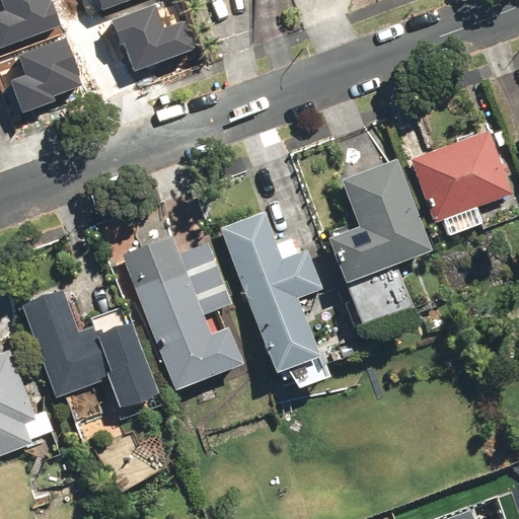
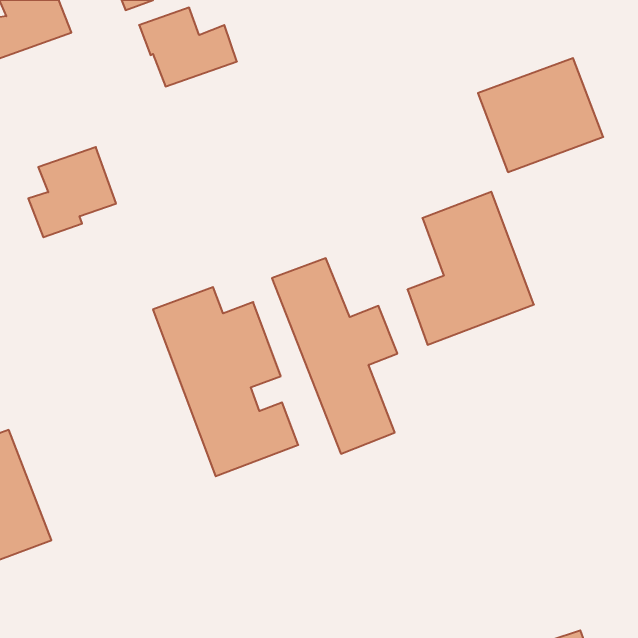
building: [9,41,80,114] -> [28,147,116,237]
building: [411,130,512,222] -> [478,58,603,172]
building: [20,287,157,405] -> none

